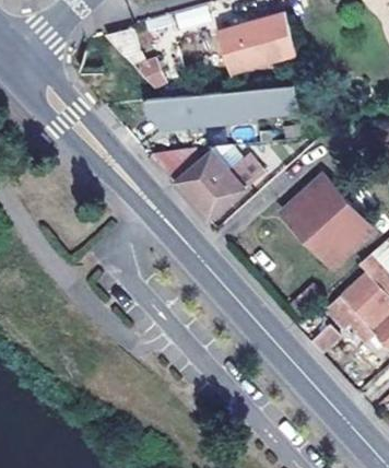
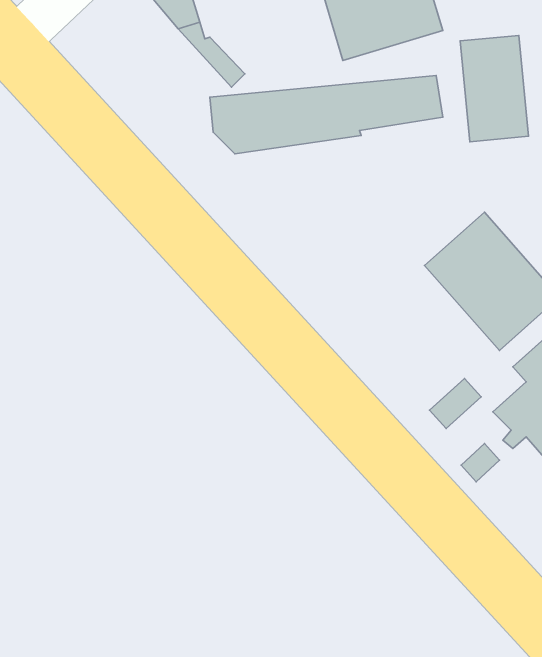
building: none -> [460,35,528,142]
building: [154,145,264,220] -> none

